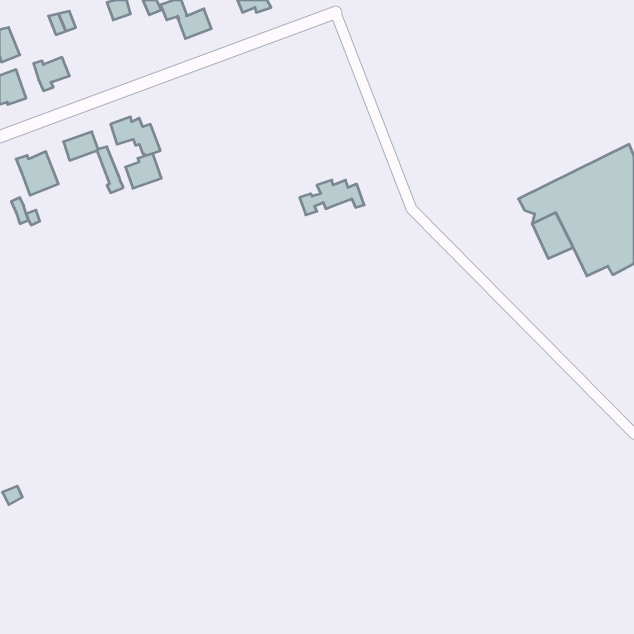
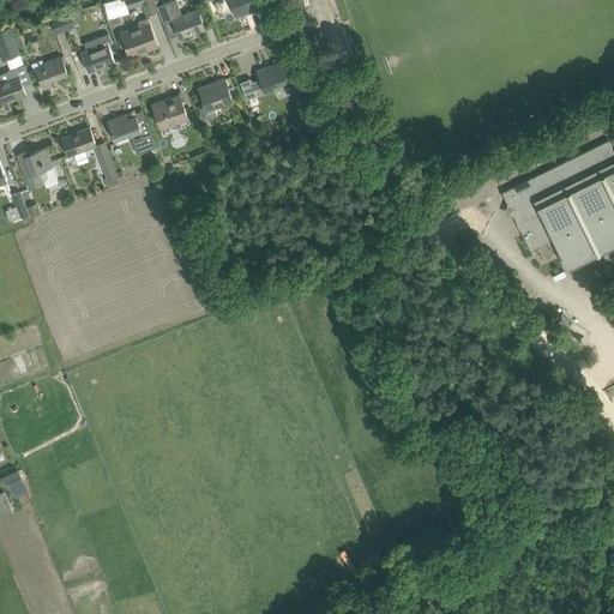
building: none -> [121,18,157,55]
building: none -> [80,34,114,73]
building: none -> [199,78,231,120]
building: [125,153,161,188] -> [152,95,187,128]
building: [300,180,364,215] -> [239,66,301,100]

